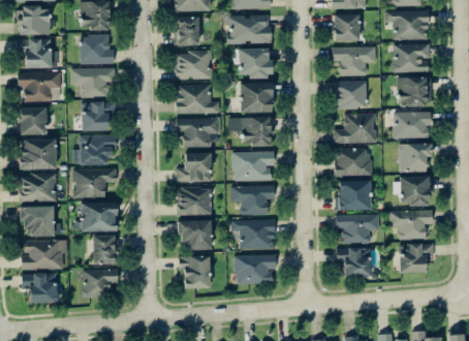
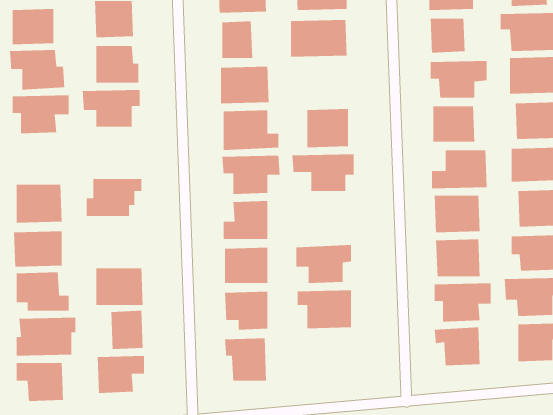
building: [238,49,271,78] -> none
building: [81,101,115,131] -> none
building: [20,107,46,135] -> none
building: [232,151,274,181] -> none
building: [74,168,117,198] -> none
building: [234,254,276,284] -> none

